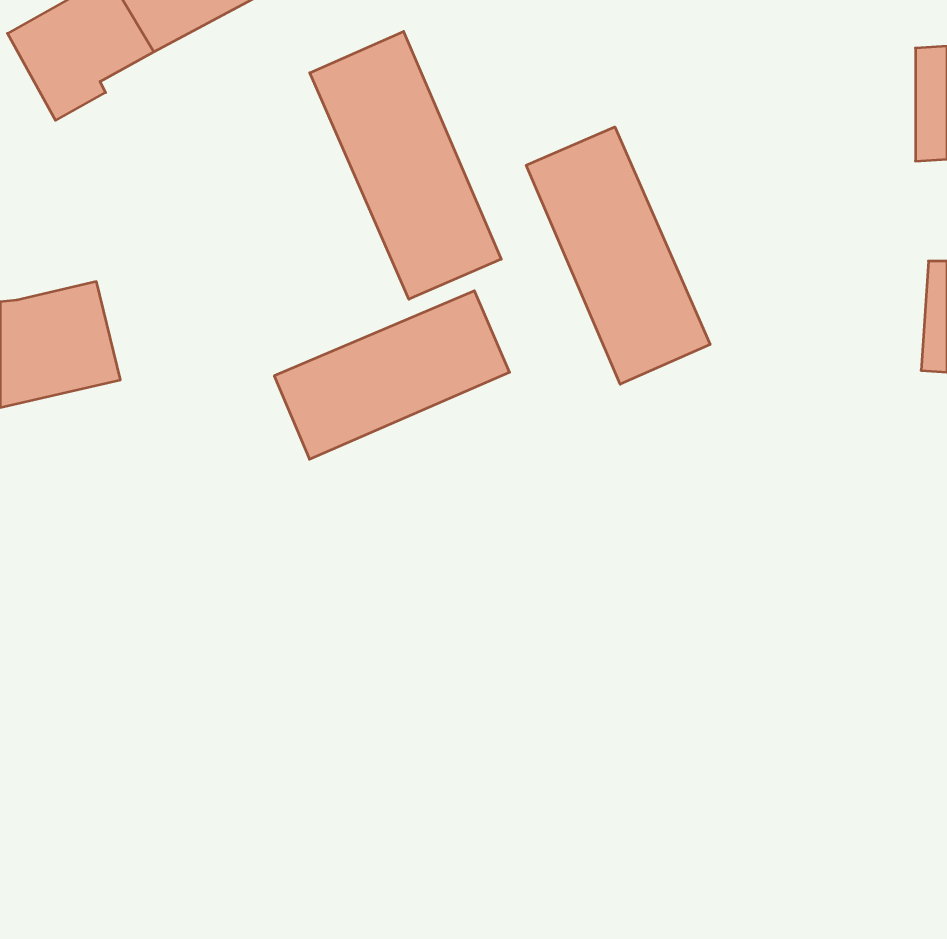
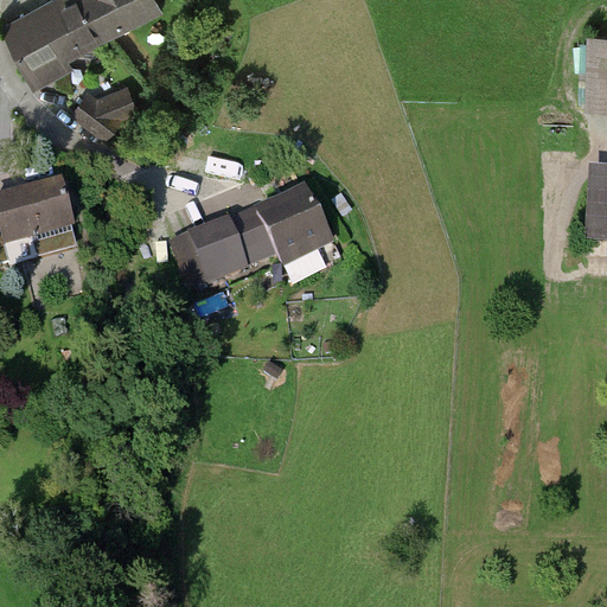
building: [310,31,501,299] -> none
building: [526,127,710,384] -> none
building: none -> [74,85,136,140]

